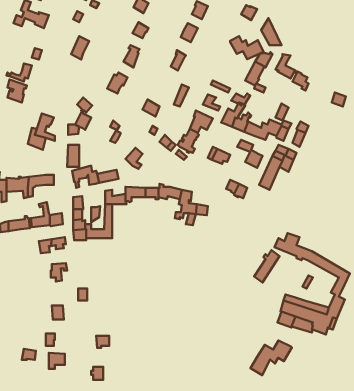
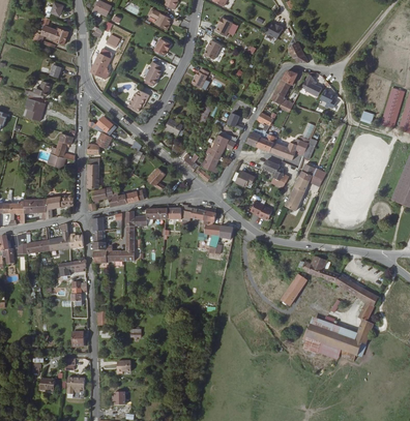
building: [230,36,263,59] -> none
building: [251,341,292,375] -> none

